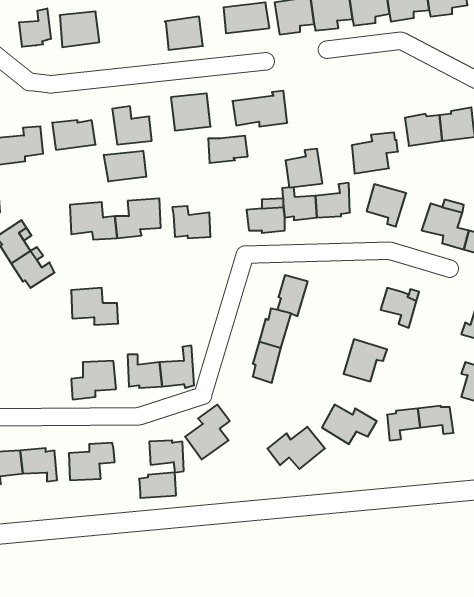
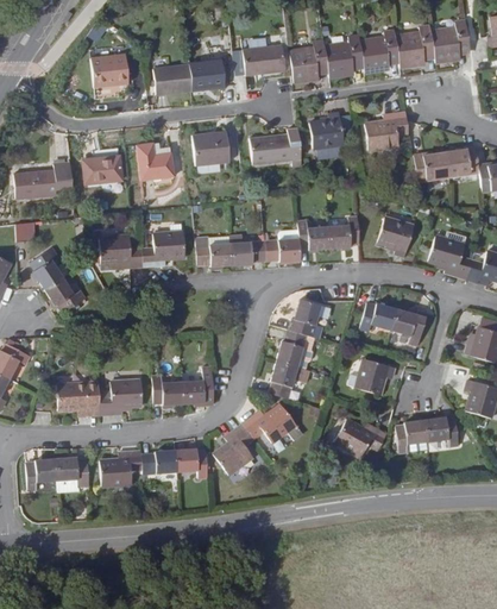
building: [19,8,51,47] -> none
building: none -> [153,65,193,95]
building: [352,132,398,173] -> [366,112,409,150]
building: [208,136,248,163] -> [231,239,268,264]
building: [285,149,322,187] -> [310,112,345,147]
building: [104,151,146,182] -> none
building: none -> [360,306,396,334]
building: [71,288,118,325] -> [59,382,103,416]
building: [267,427,325,469] -> [238,400,291,439]
building: [139,472,176,498] -> [141,454,176,478]

